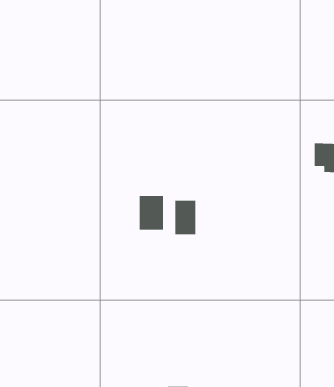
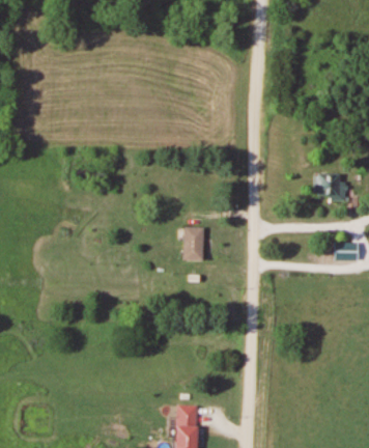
building: [139,195,163,231] -> none

